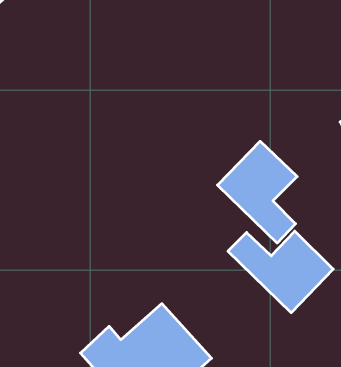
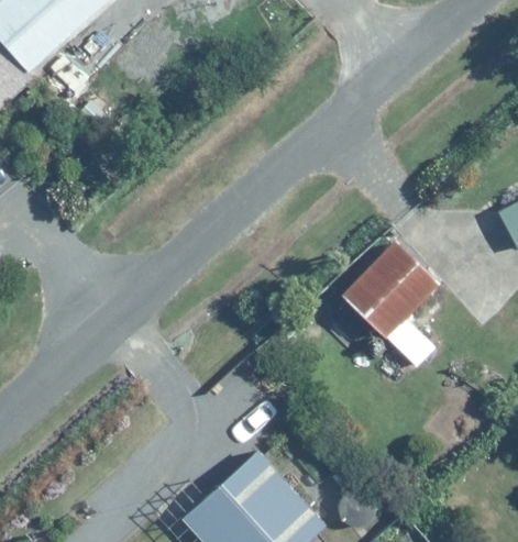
building: [228,231,333,313] -> none

